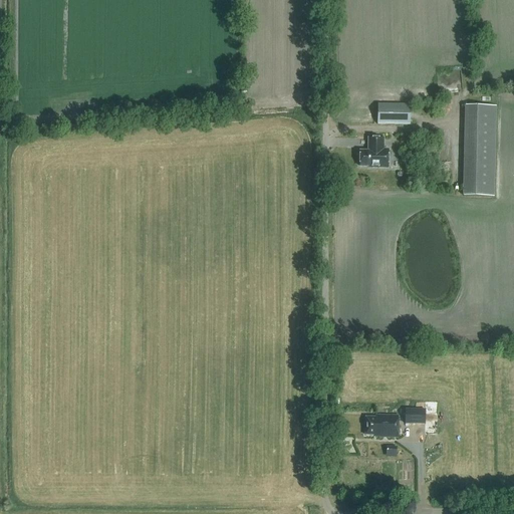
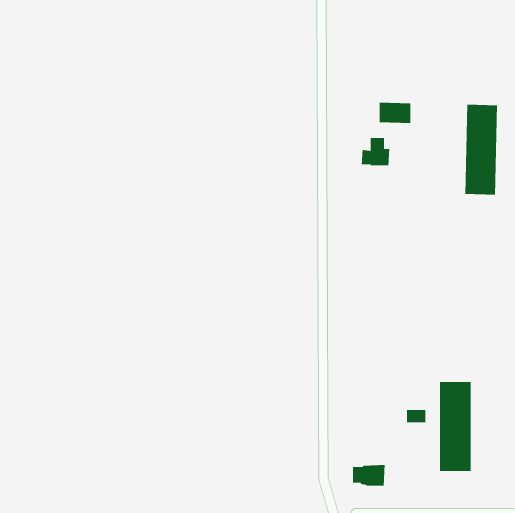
building: none -> [439,381,471,472]
building: [365,414,399,436] -> [352,464,385,486]

